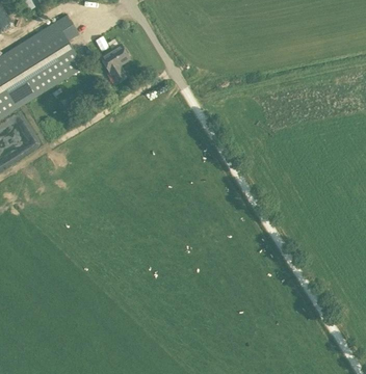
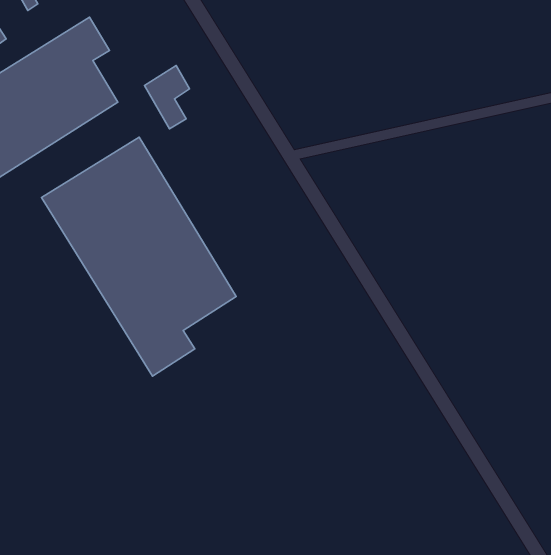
building: none -> [42,137,236,376]

